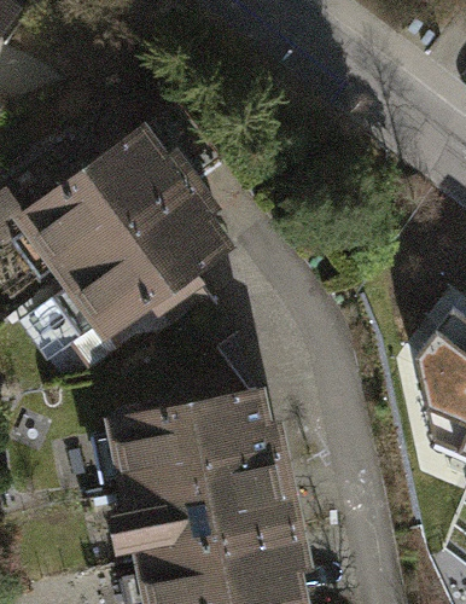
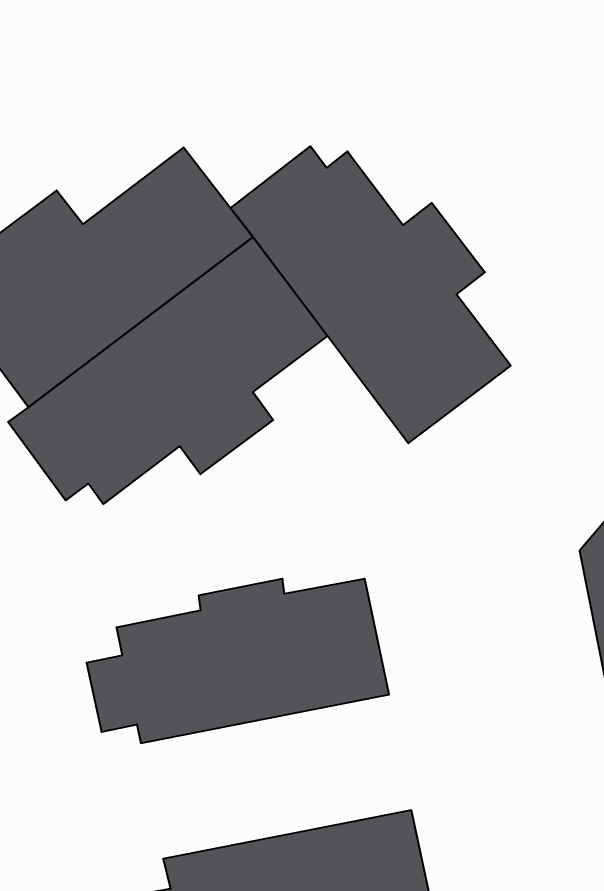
building: none -> [230,146,511,443]
building: [111,463,304,569] -> none

